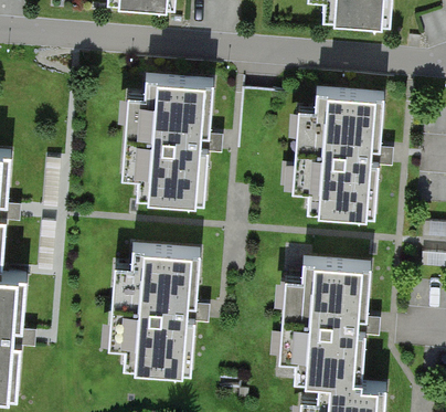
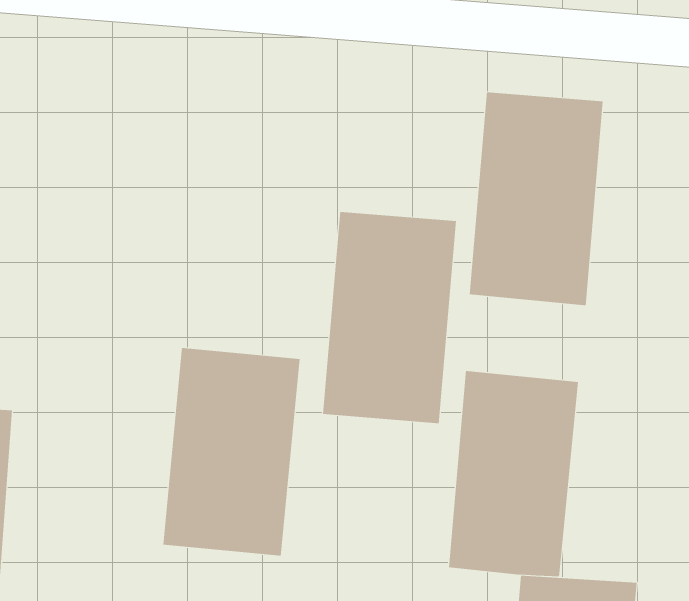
building: [128,83,206,207] -> [322,211,457,424]

